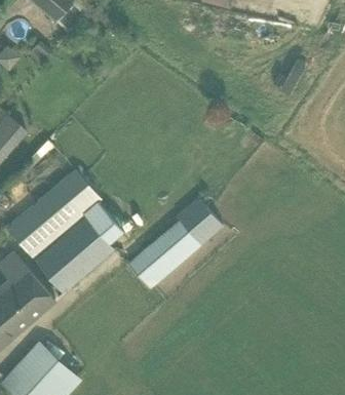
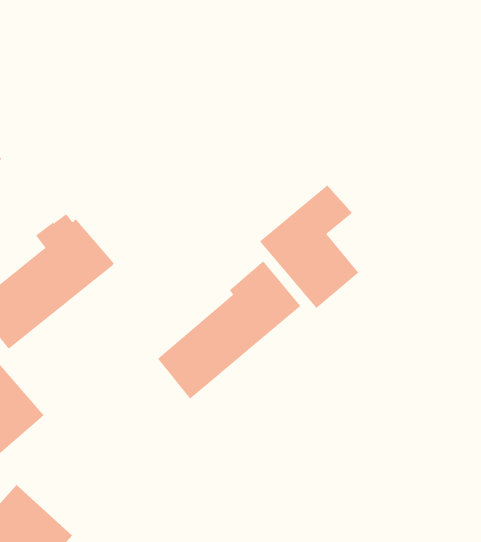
building: none -> [259,184,359,309]
building: [35,201,124,293] -> none

